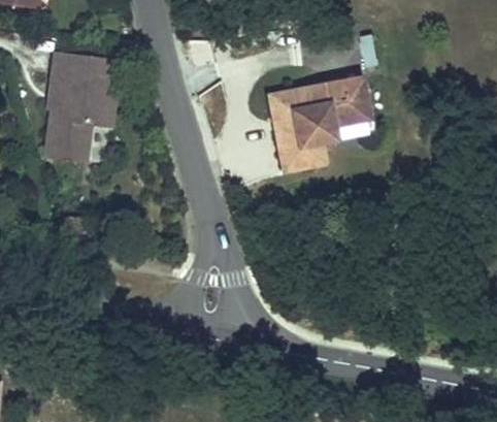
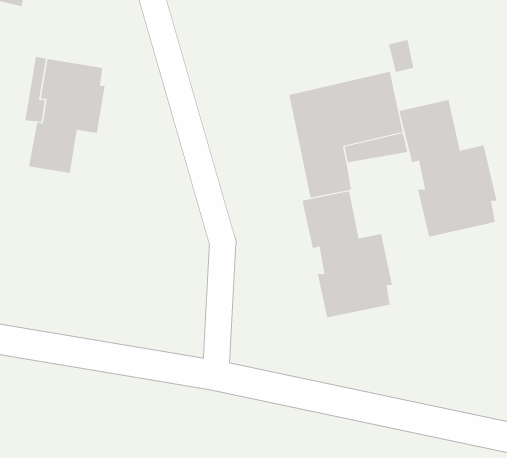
building: none -> [399,99,497,238]
building: none -> [302,190,392,318]

